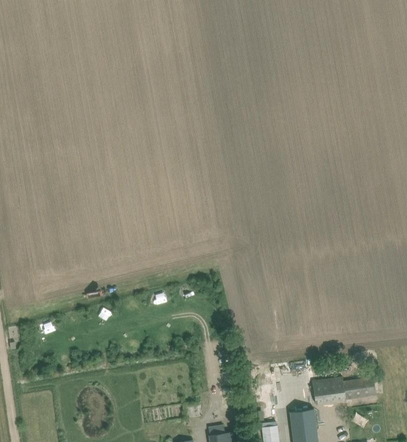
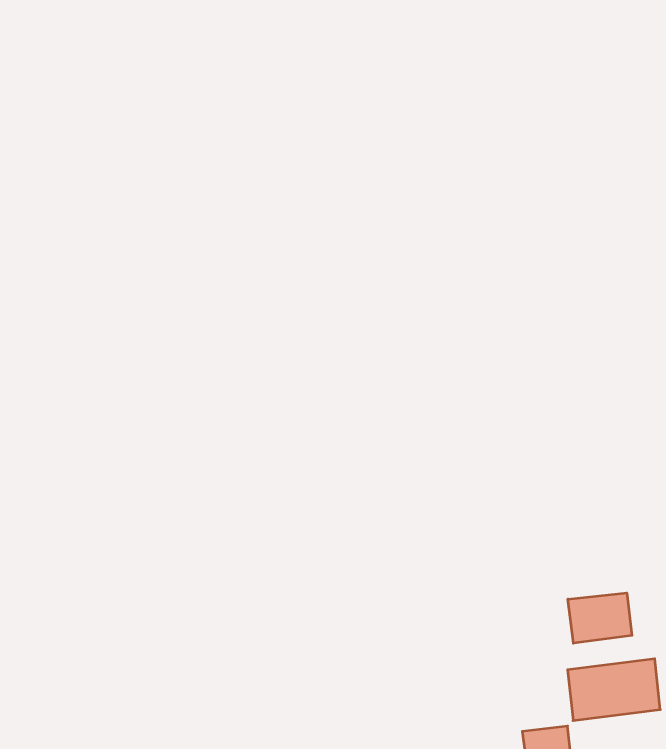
building: none -> [568,593,632,643]

